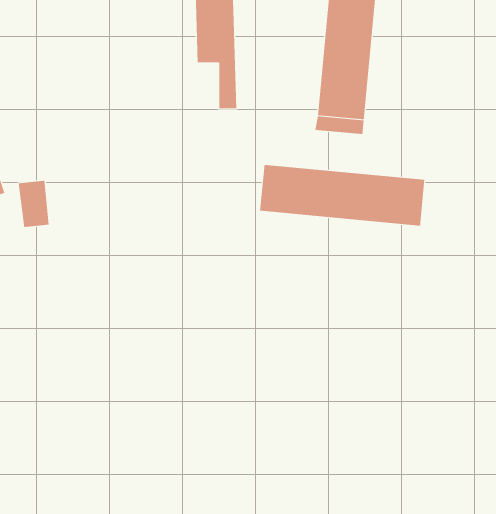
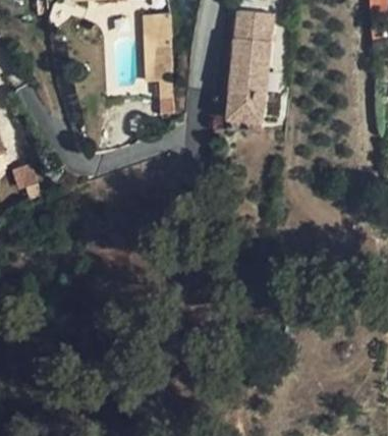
building: [259,164,425,226] -> none

